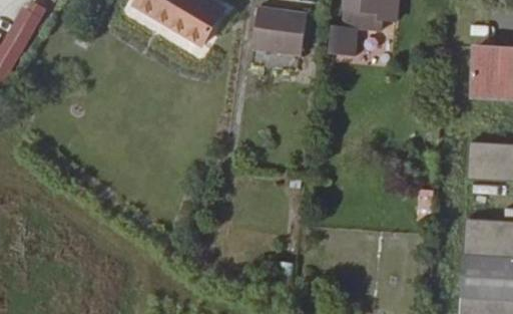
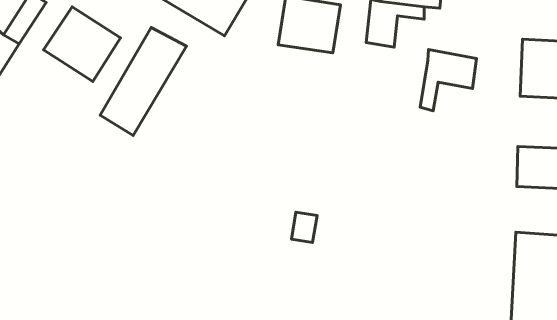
building: none -> [43,7,121,82]
building: none -> [100,28,186,135]
building: none -> [420,49,476,111]

